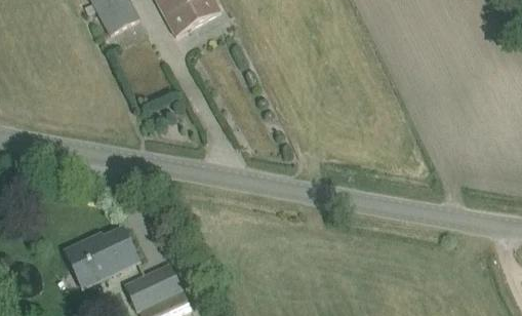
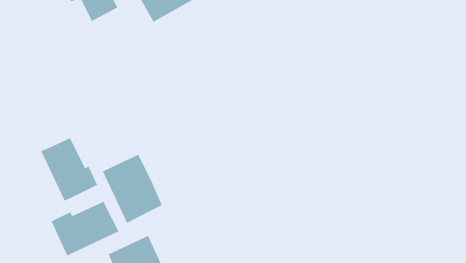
building: none -> [40,138,98,201]
building: none -> [102,154,163,224]

